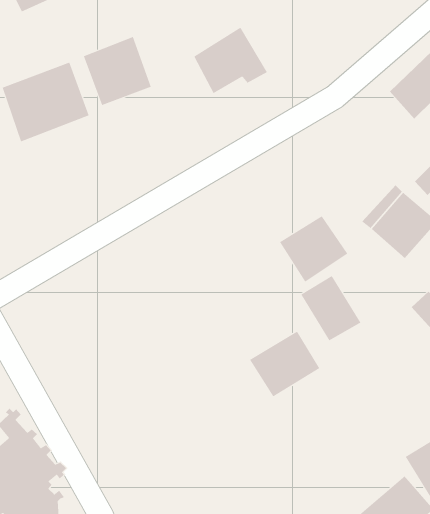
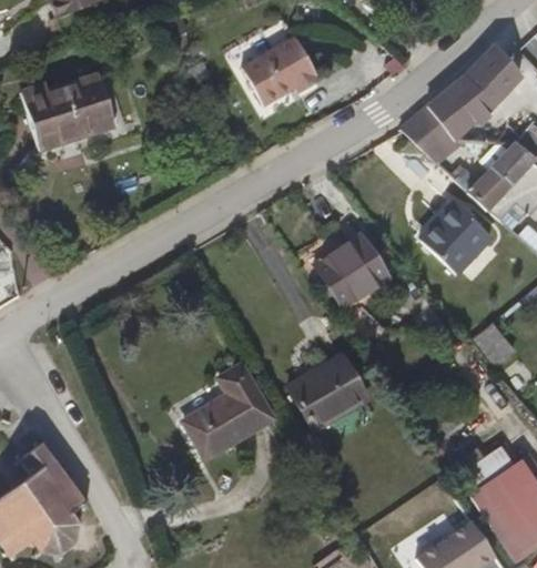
building: [83,36,152,106] -> none
building: none -> [414,100,469,159]
building: [301,275,361,341] -> none
building: none -> [188,364,276,456]

